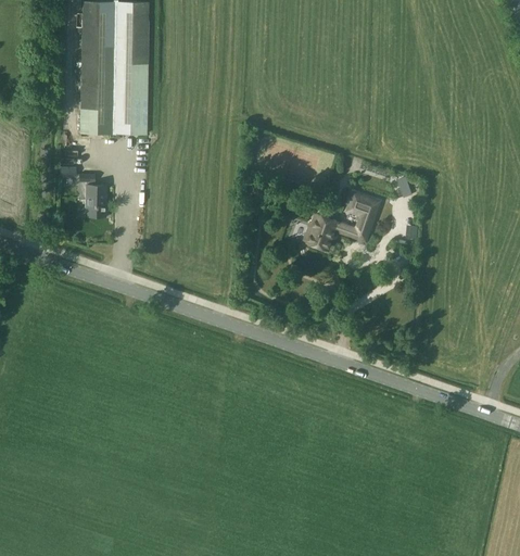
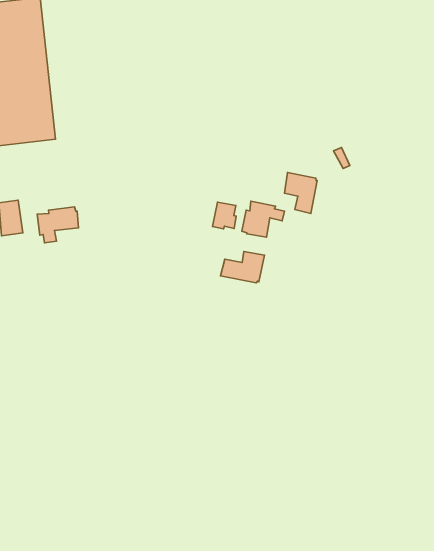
building: none -> [37,207,79,243]
building: none -> [221,251,264,283]

